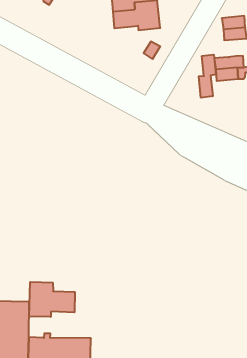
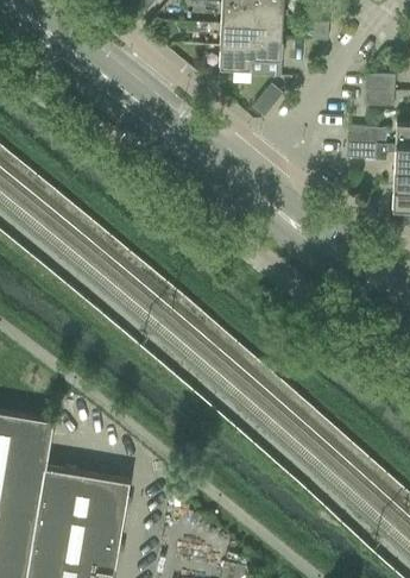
building: [199,55,216,98] -> none
building: [29,282,75,317] -> none

